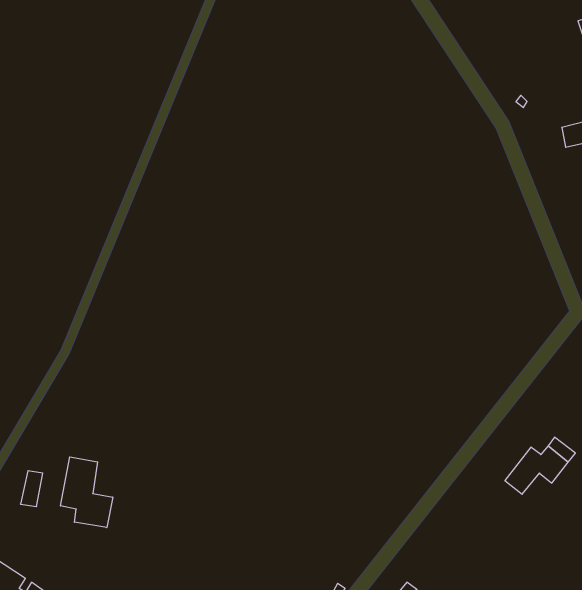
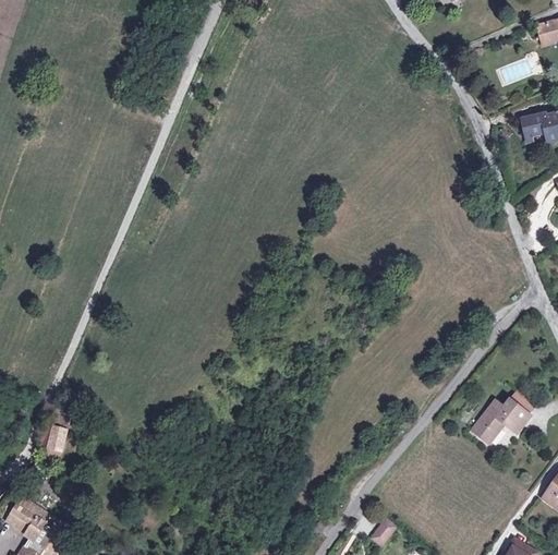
building: [61,457,113,528] -> none

